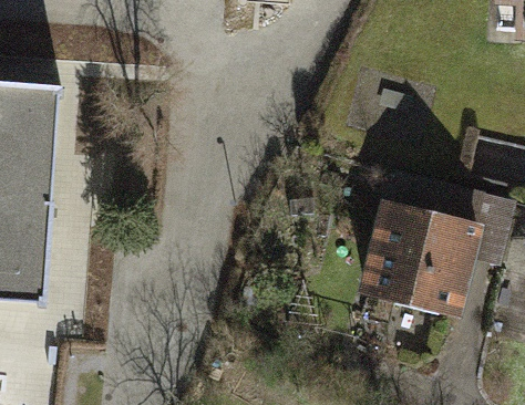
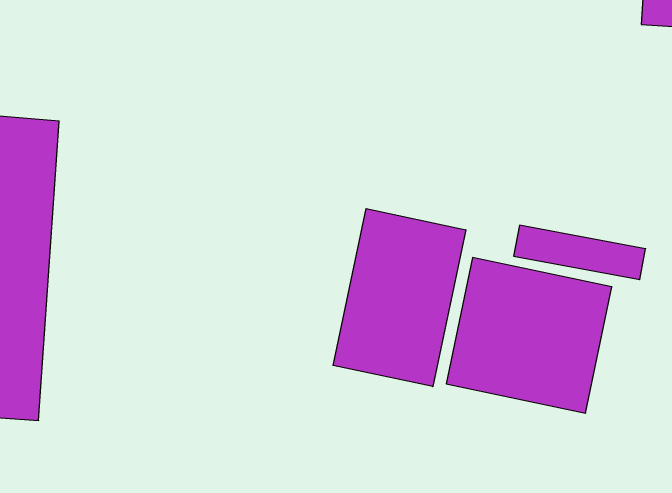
building: none -> [333,209,466,387]

